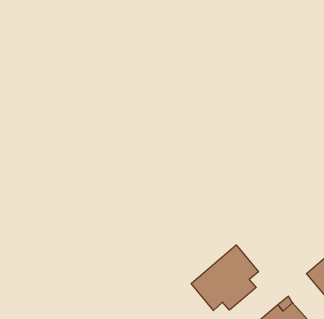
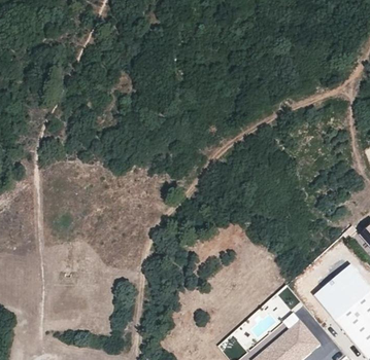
building: [191,245,258,311] -> none

